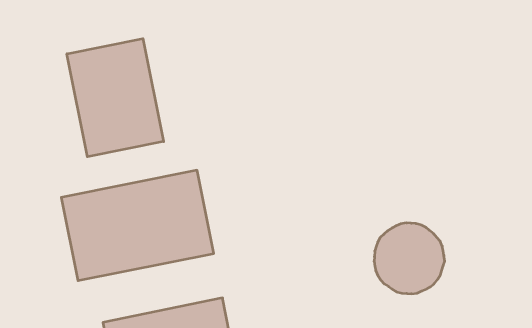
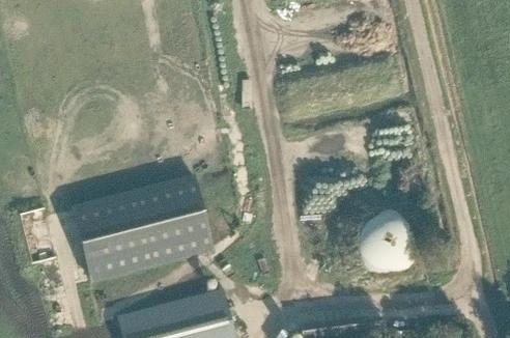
building: [67,39,164,157] -> none

